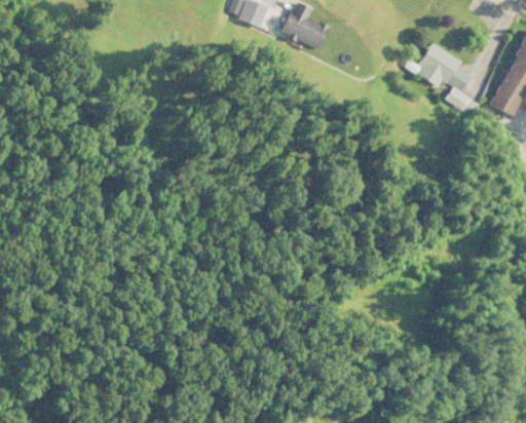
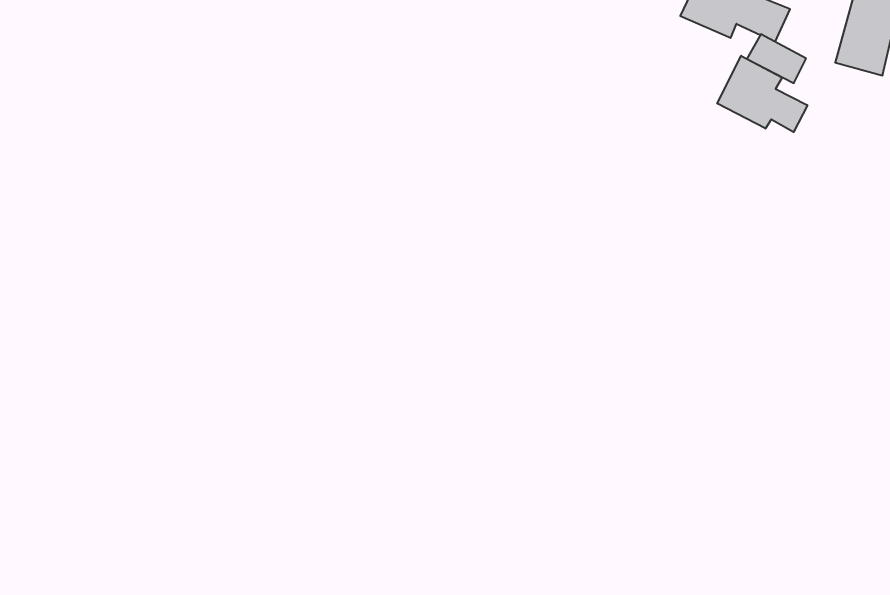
building: none -> [717,56,807,132]

